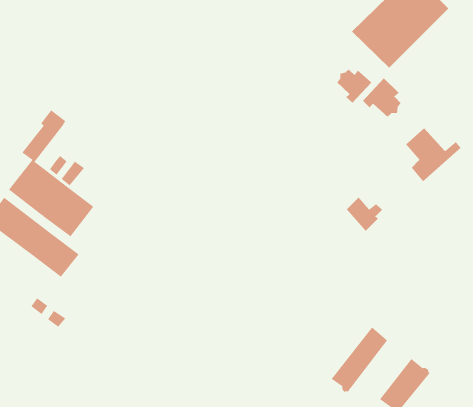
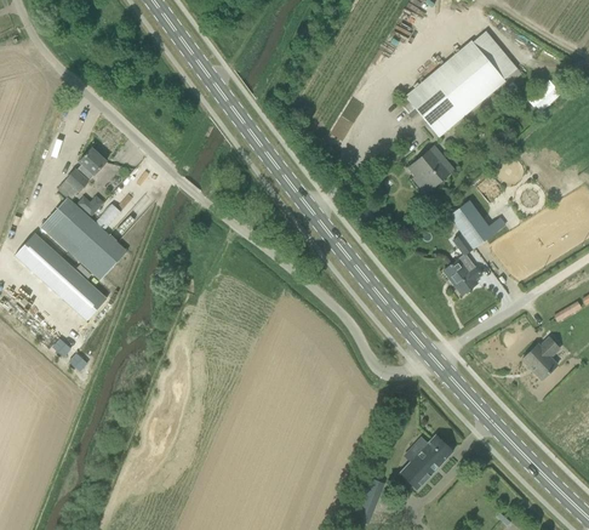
building: [336,69,372,104] -> none
building: [346,197,383,232] -> [444,258,481,295]
building: [331,327,388,393] -> none

